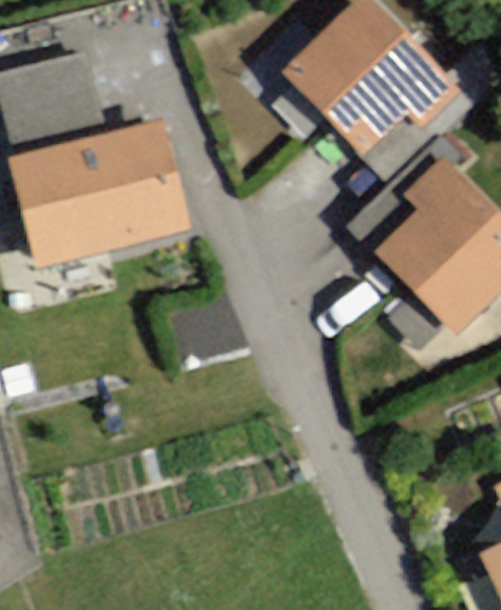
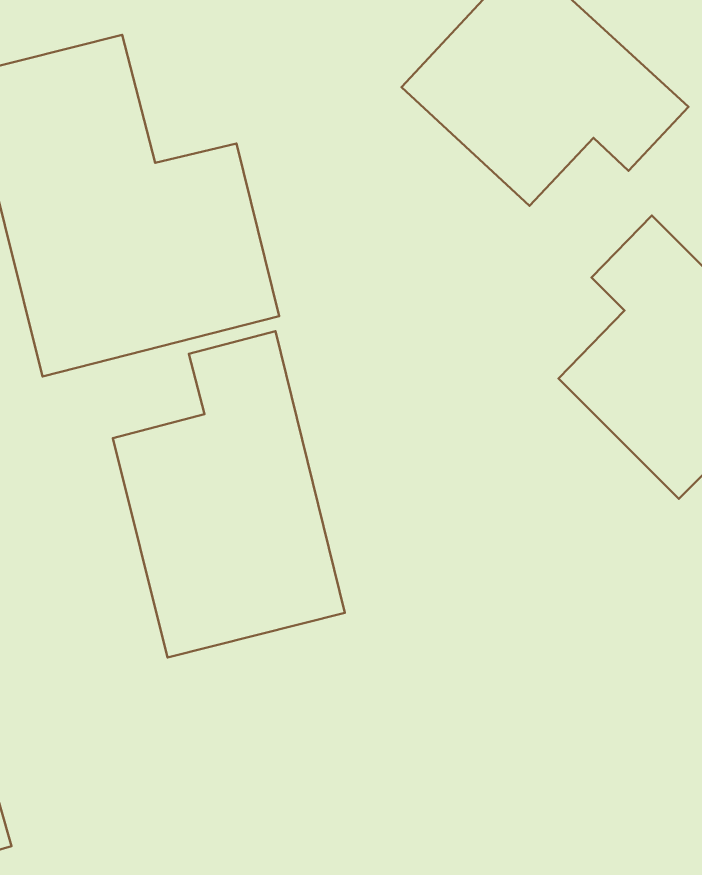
building: none -> [113,331,345,657]

